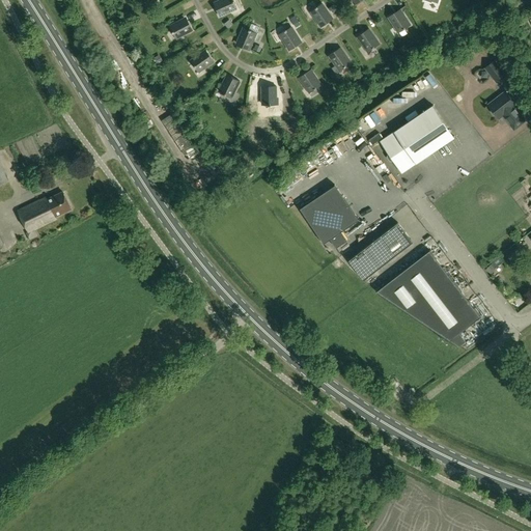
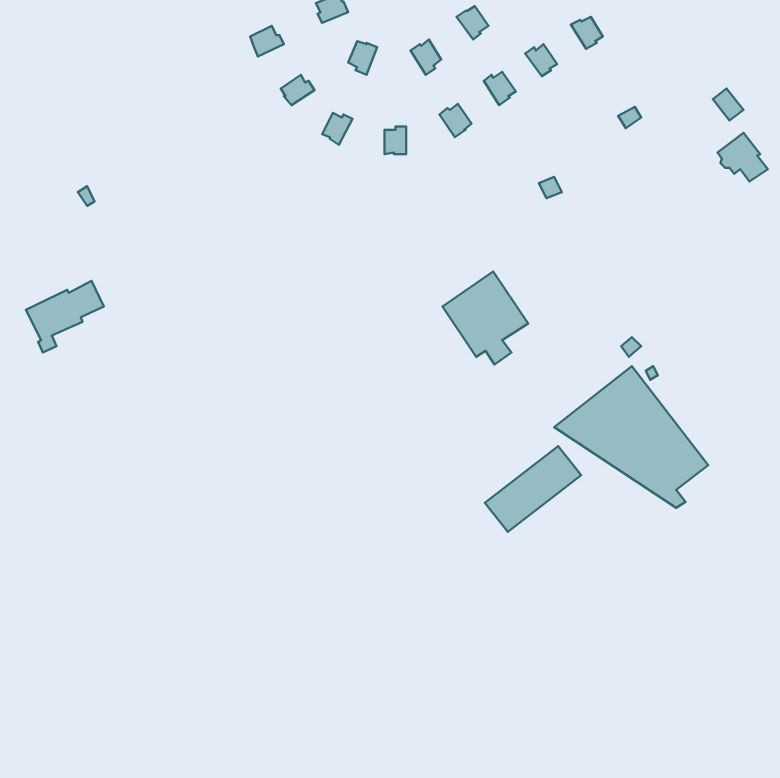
building: [380,105,454,172] -> none
building: [347,222,413,280] -> [485,446,581,532]

